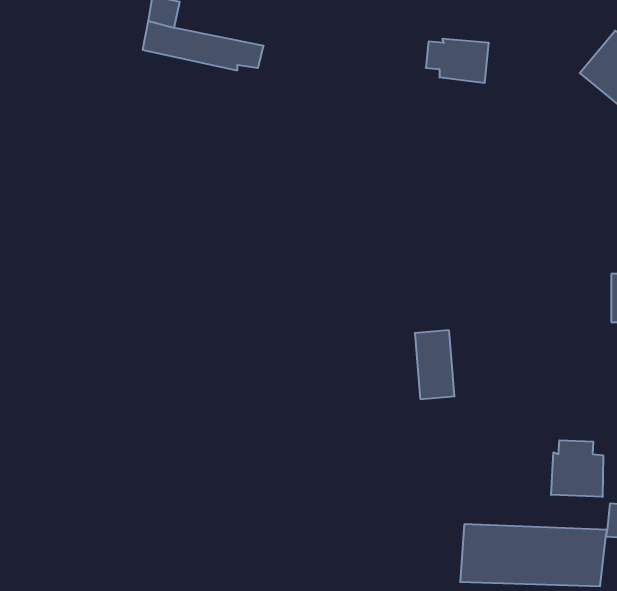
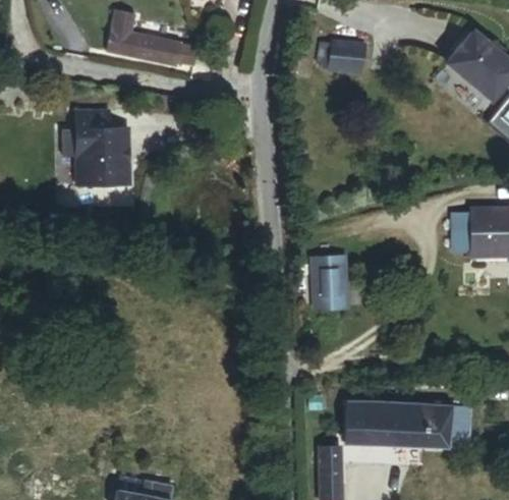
building: none -> [75,110,128,183]
building: [551,440,603,497] -> none

